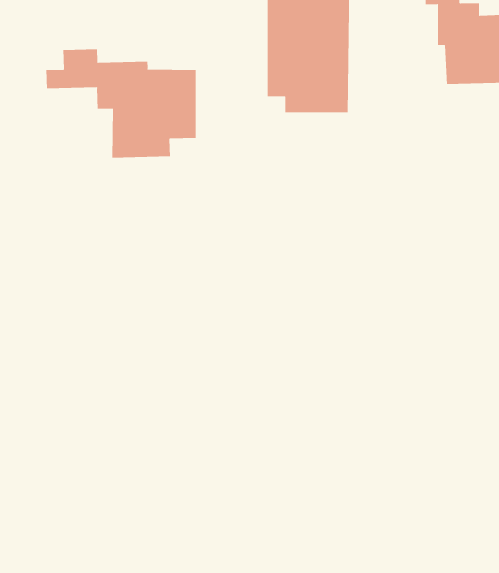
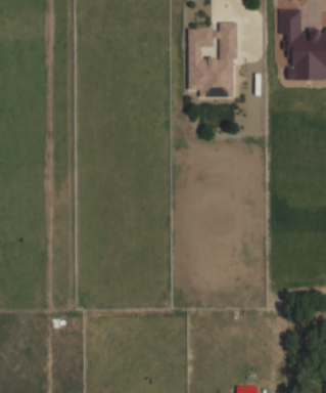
building: [46,48,196,158] -> none

